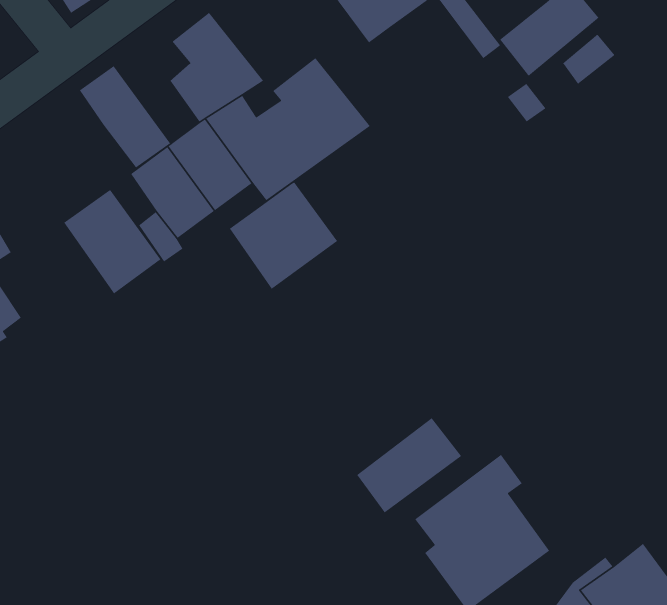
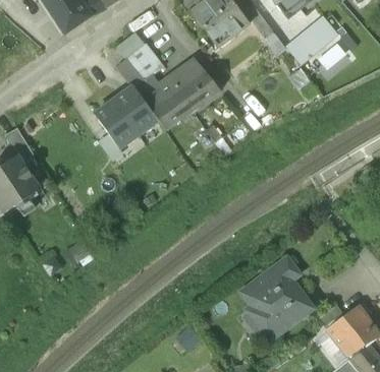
building: [79,65,171,169] -> none
building: [229,181,338,290] -> none
building: [63,189,162,294] -> none
building: [356,417,462,513] -> none

